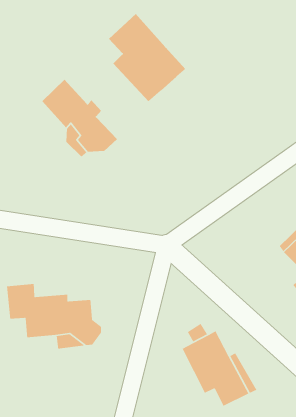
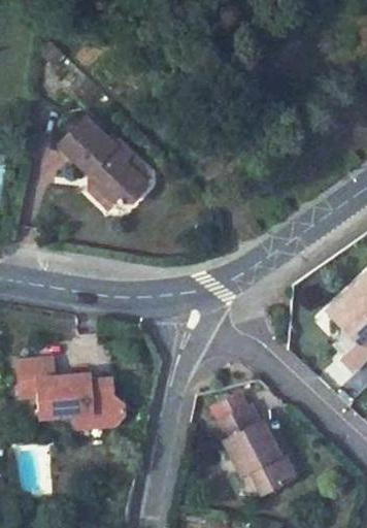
building: [108,13,186,102] -> none

